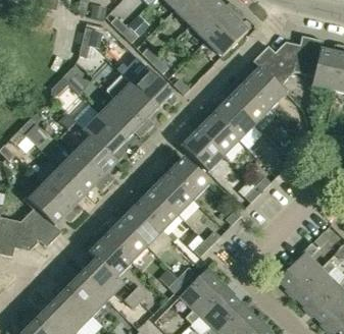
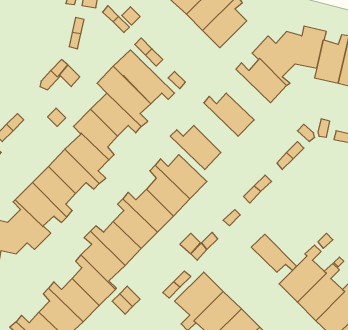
building: [228,76,269,124] -> none
building: [197,108,239,155] -> none
building: none -> [251,234,297,272]

